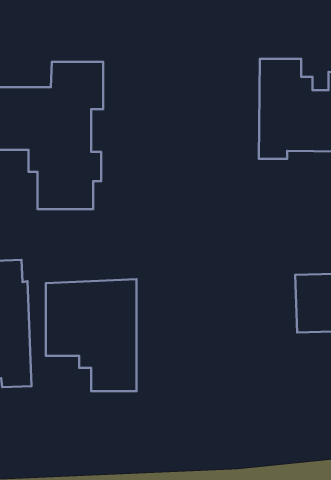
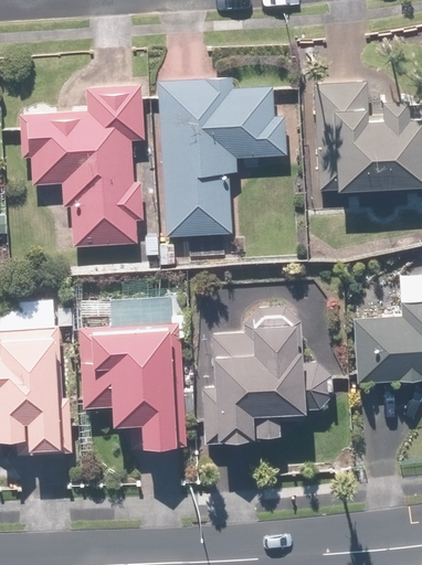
building: none -> [161,81,286,241]
building: none -> [202,322,309,445]

